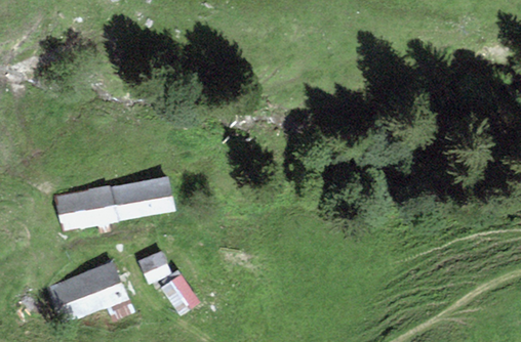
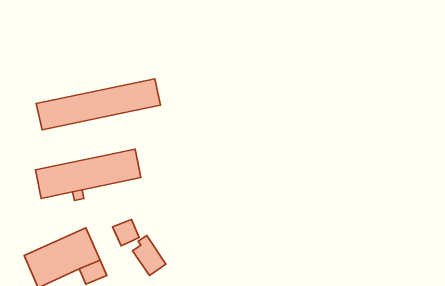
building: none -> [36,79,161,130]

